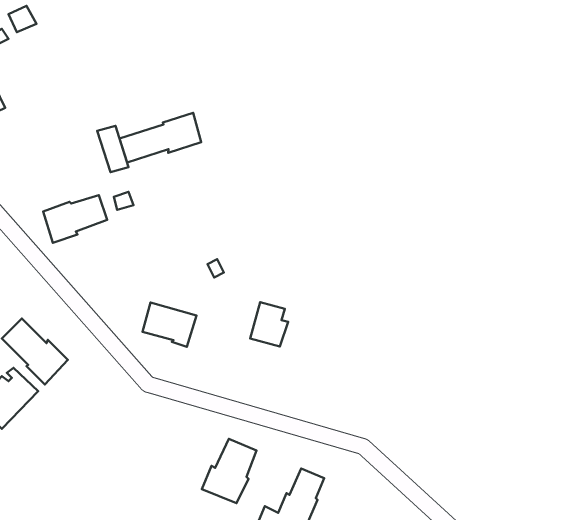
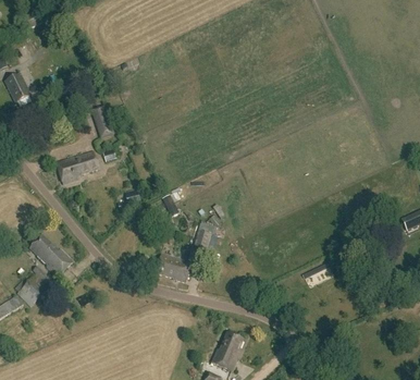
building: [119,113,201,163] -> none
building: [142,302,197,347] -> [156,253,192,282]
building: [202,439,256,503] -> none

